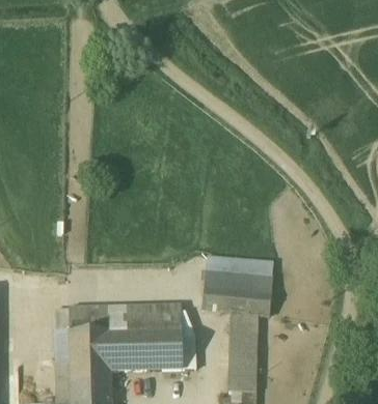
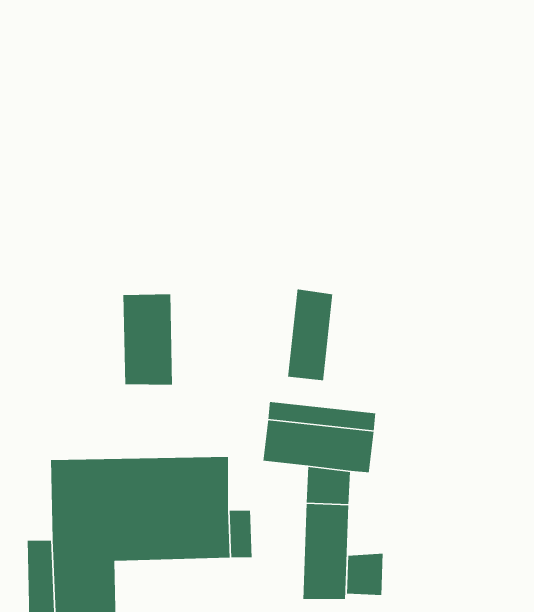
building: none -> [287,289,333,381]
building: none -> [123,294,173,385]
building: none -> [346,553,384,596]

